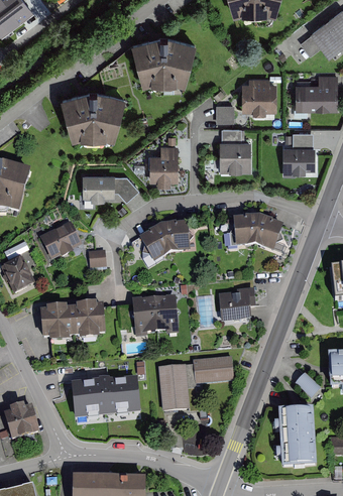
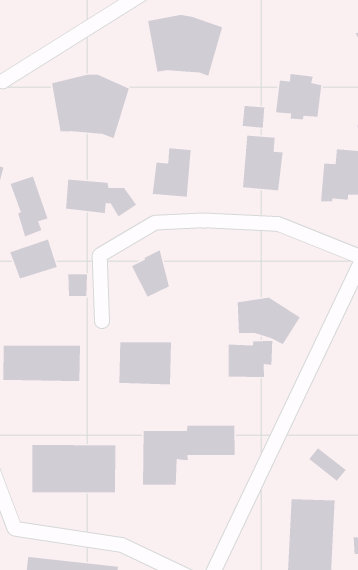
building: none -> [10,175,48,238]
building: [234,212,285,249] -> [237,297,301,345]
building: [159,222,189,252] -> none

